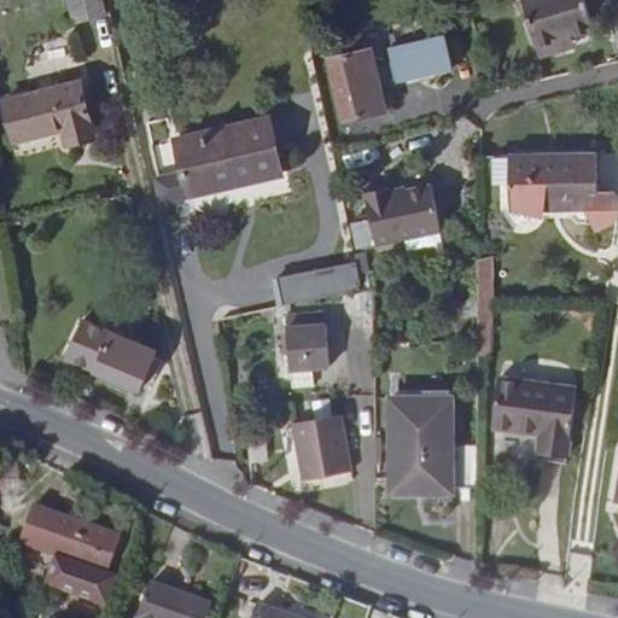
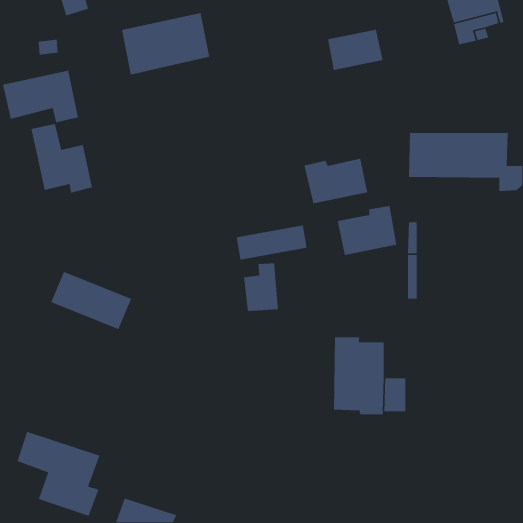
building: [326,51,383,122] -> none
building: [175,121,280,196] -> [121,12,210,76]
building: none -> [31,123,93,193]
building: none -> [337,205,397,256]
building: [491,378,572,456] -> none
building: [301,414,351,474] -> none

